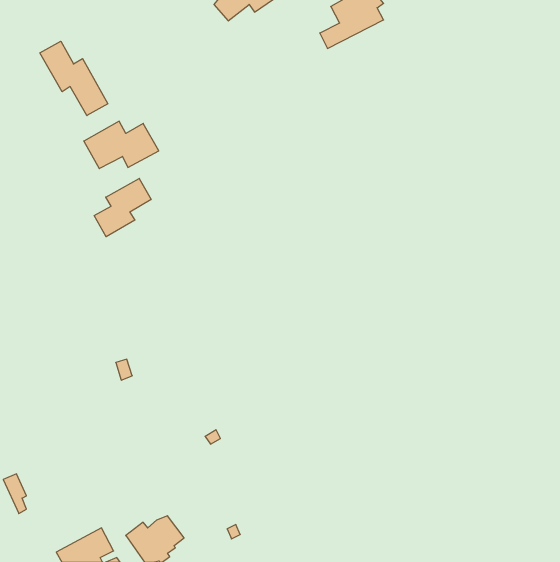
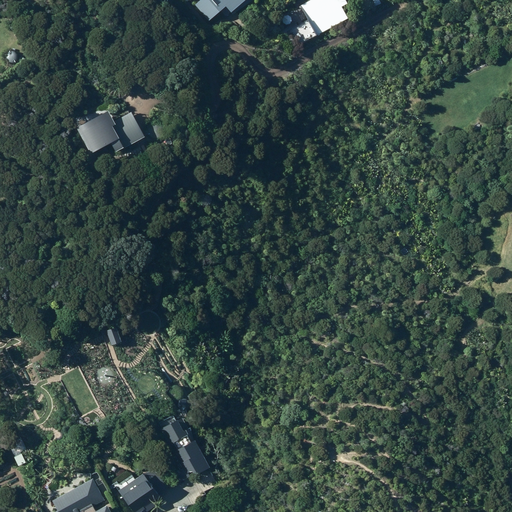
building: [40,41,108,116] -> none
building: [94,178,151,237] -> none
building: none -> [161,418,211,476]

